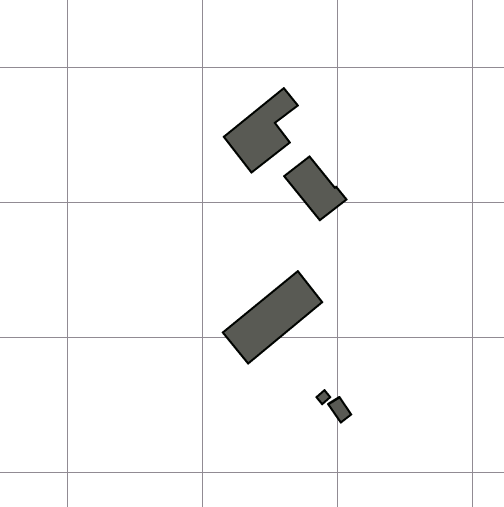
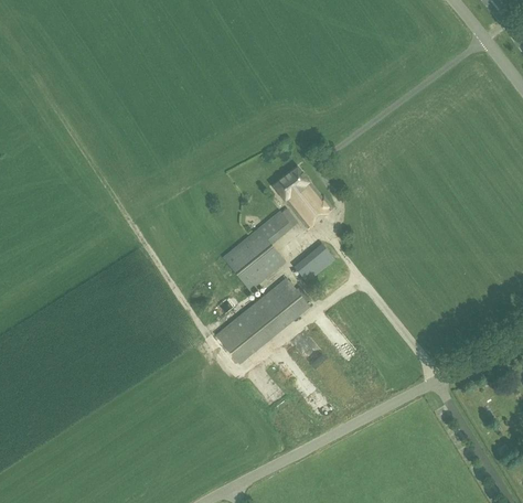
building: [224,88,298,173] -> [223,210,293,290]
building: none -> [293,243,335,282]

